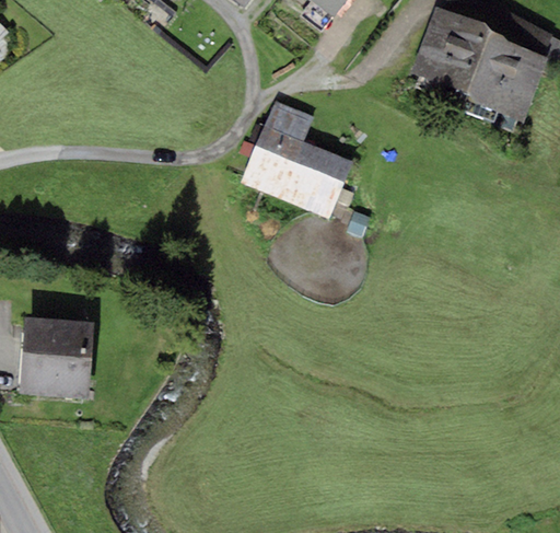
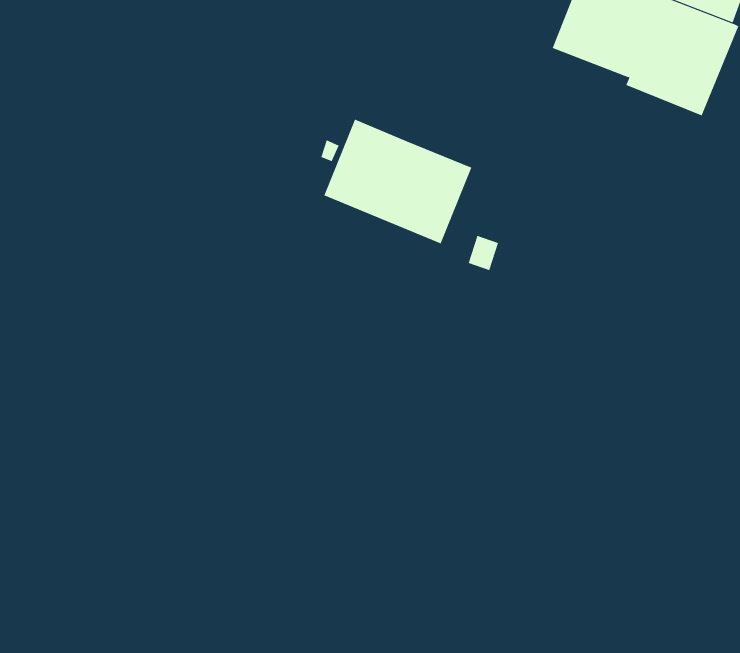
building: [264,101,313,141] -> none
building: [19,317,94,397] -> none

